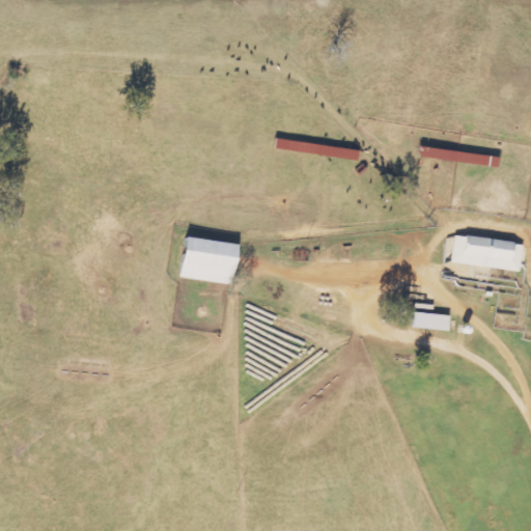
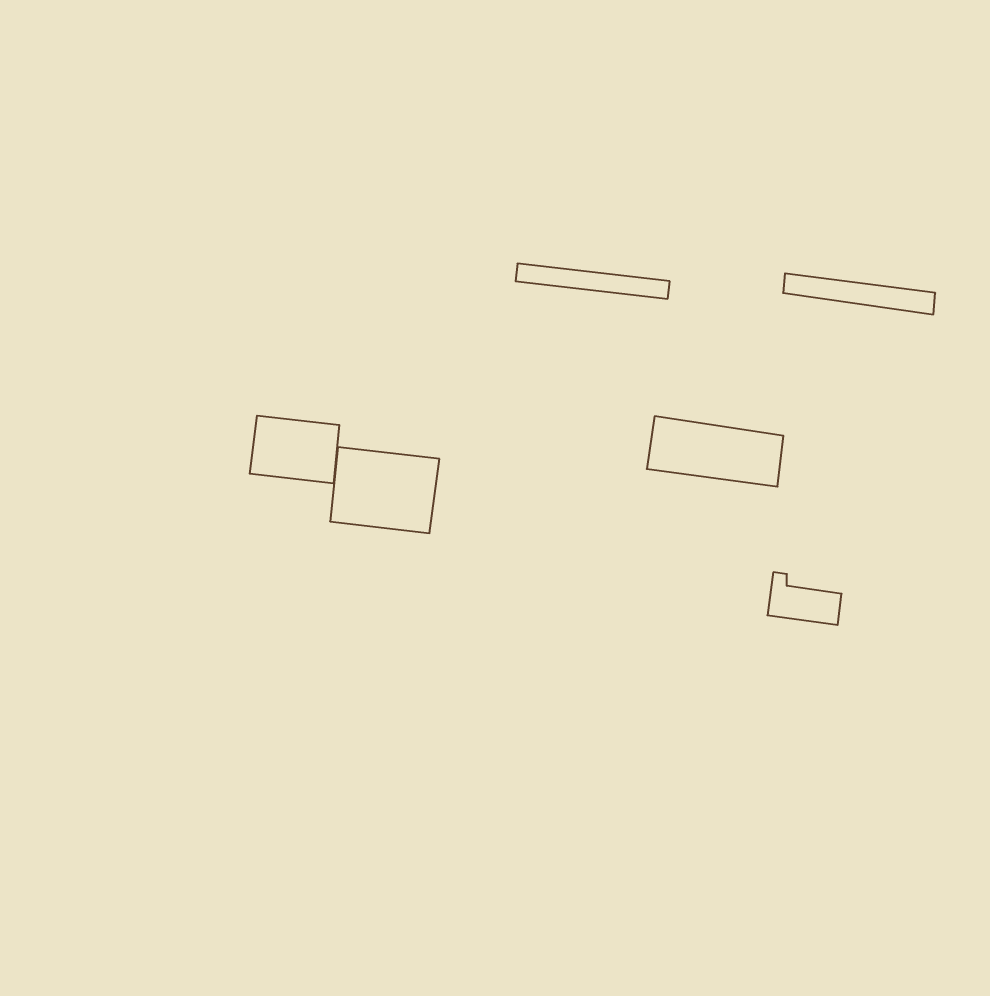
building: none -> [250,416,339,483]
building: [453,233,526,271] -> [647,416,783,487]

